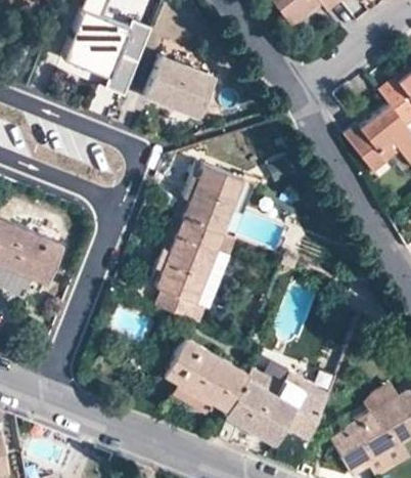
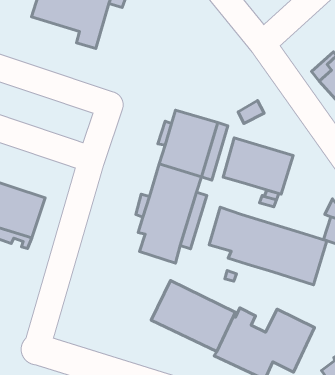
building: [146,55,215,117] -> none
building: none -> [223,138,293,194]
building: none -> [209,207,327,285]

